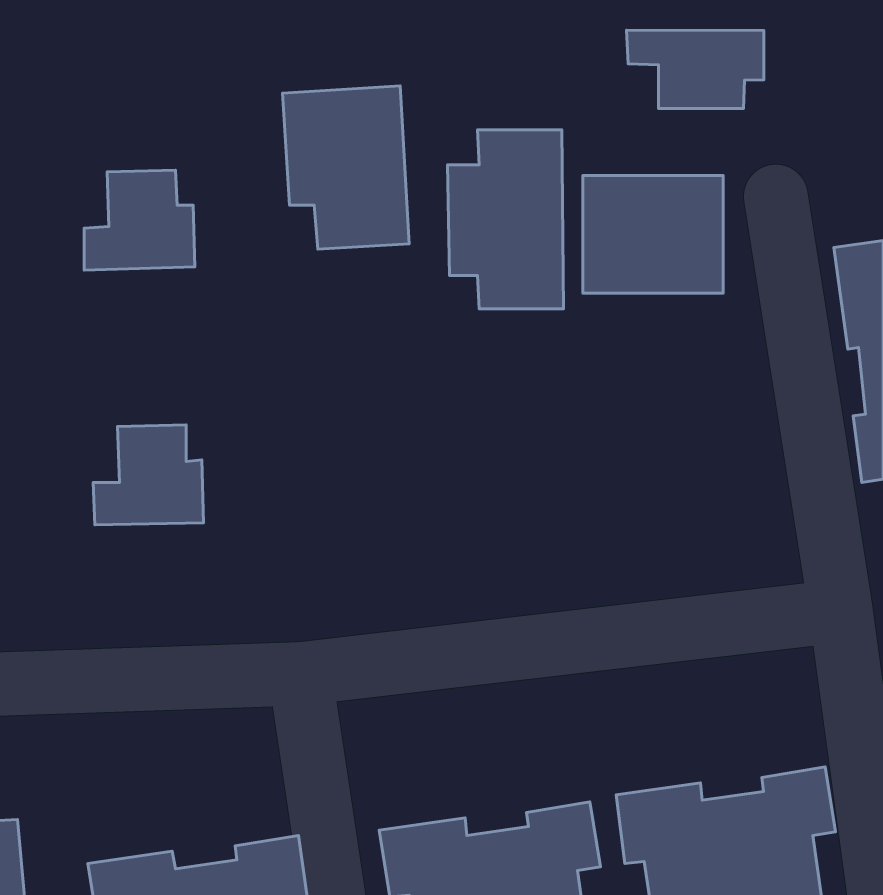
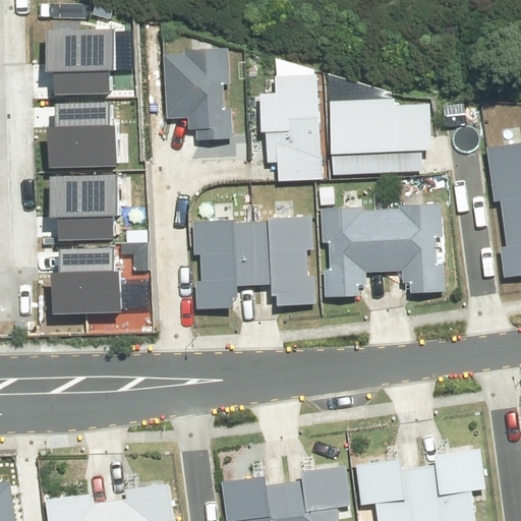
building: [627,30,764,109] -> none
building: none -> [47,28,111,86]
building: none -> [49,174,113,232]
building: none -> [322,206,448,297]
building: none -> [189,217,314,308]

